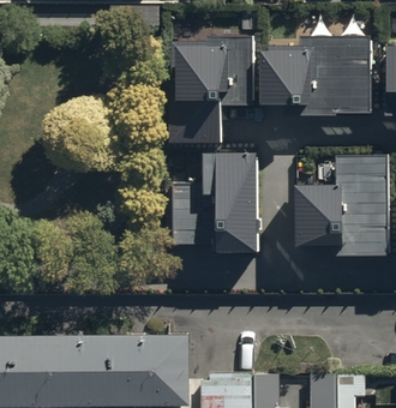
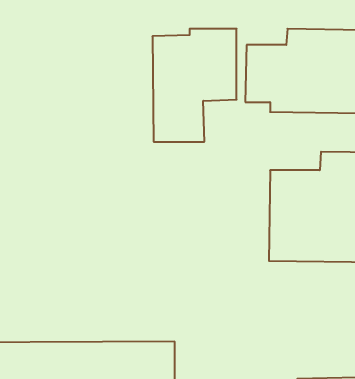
building: [173,143,260,254] -> none

